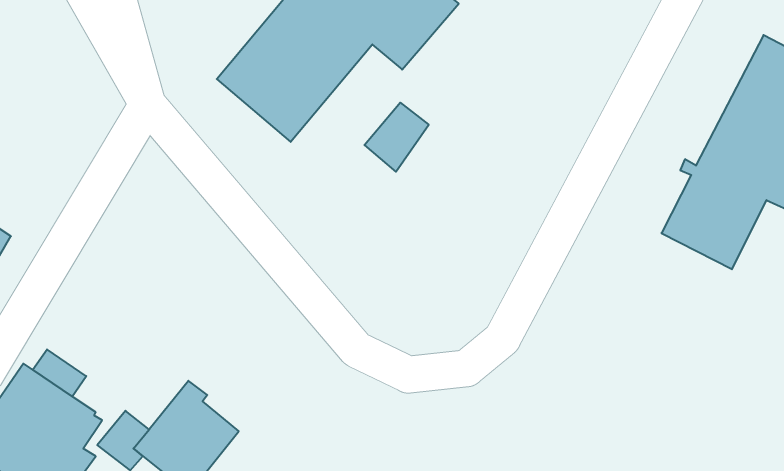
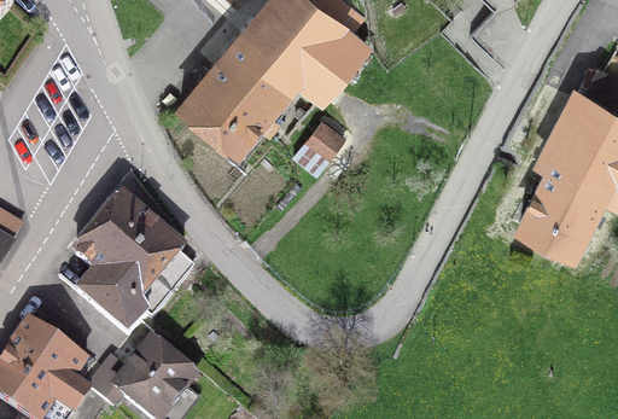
building: none -> [74,198,192,336]

